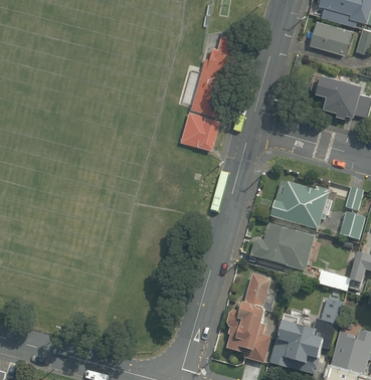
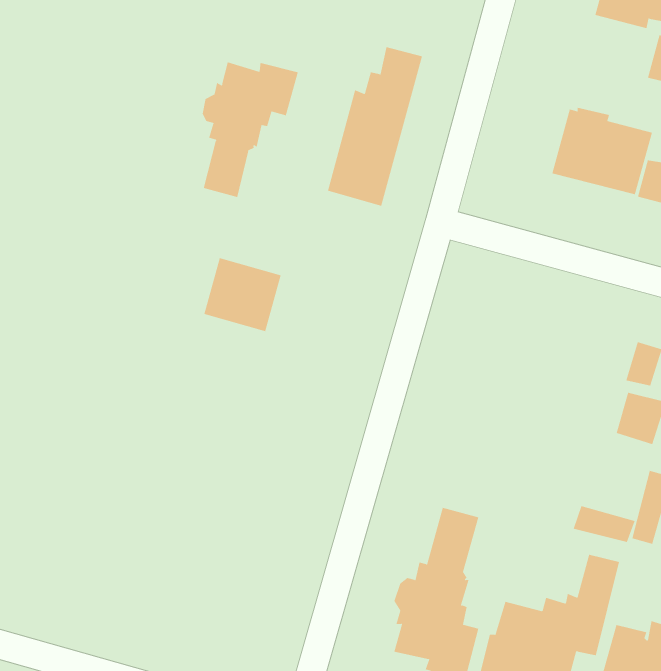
building: [309,20,351,54] -> none
building: none -> [202,61,298,198]
building: [180,112,220,150] -> [204,258,282,332]
building: [269,183,329,229] -> none
building: [249,223,314,271] -> none

